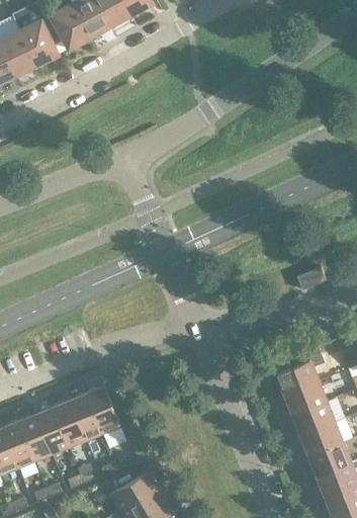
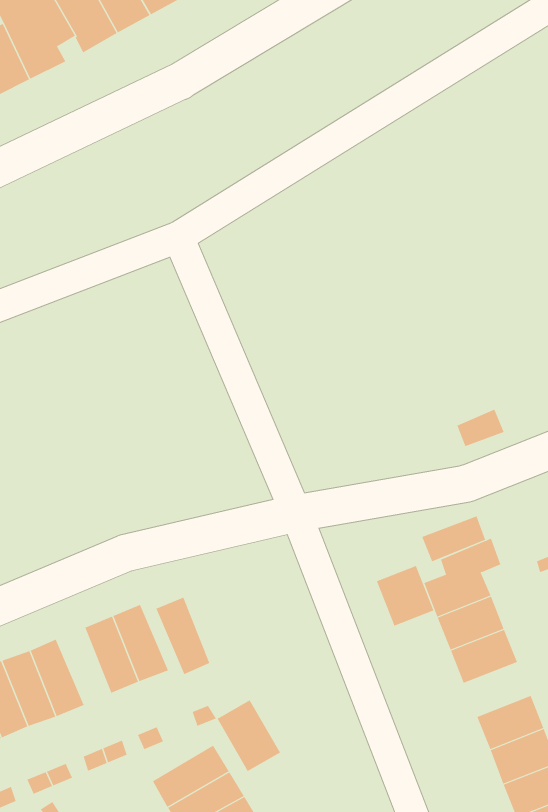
building: none -> [422,516,486,562]
building: none -> [376,565,434,627]
building: [52,401,85,448] -> [156,597,210,675]
building: [300,422,342,455] -> none
building: none -> [217,699,281,772]

